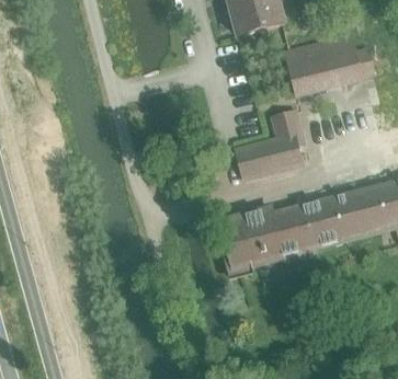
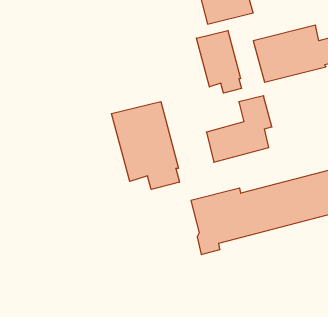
building: none -> [196,30,241,93]
building: none -> [111,102,179,189]

